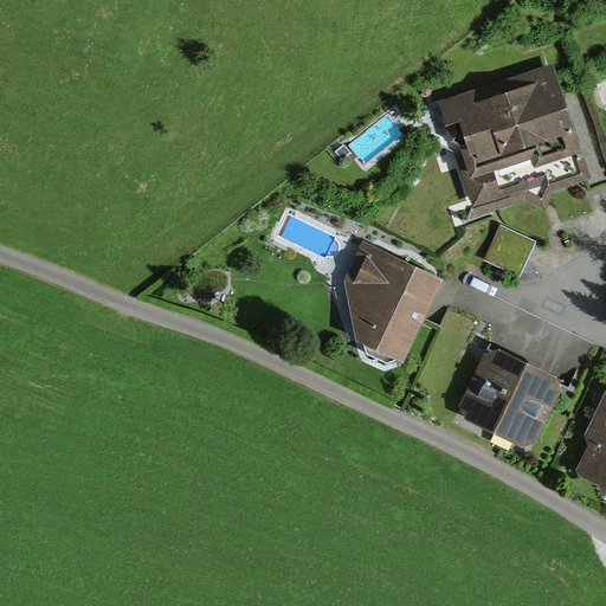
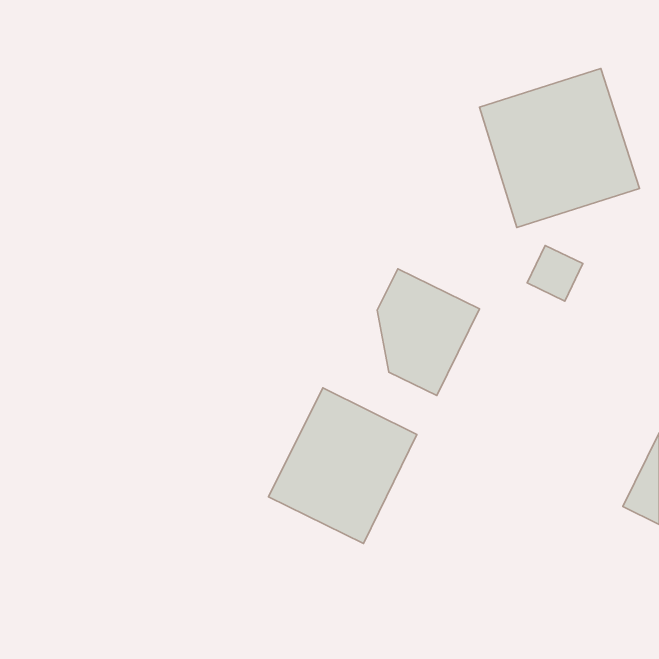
building: [462,353,559,446] -> none
building: none -> [269,388,417,544]

